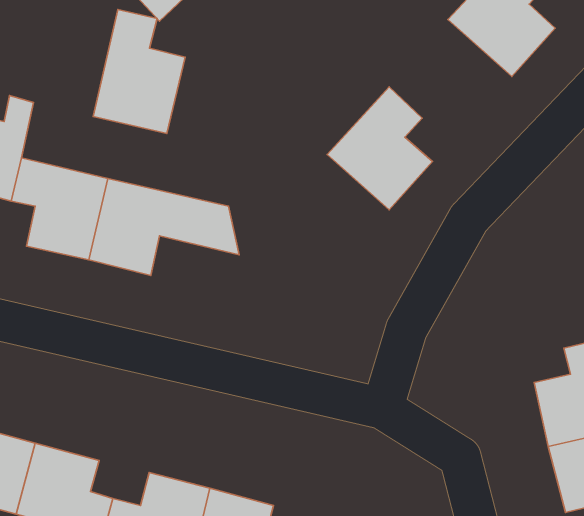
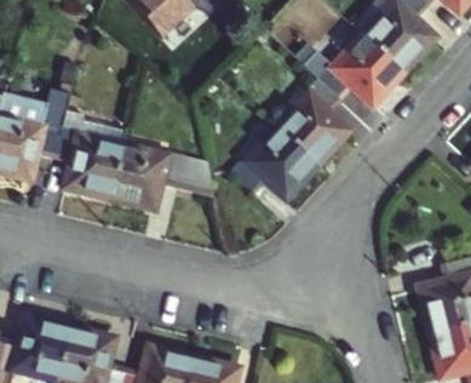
building: [93,10,185,134] -> none
building: none -> [300,30,406,103]
building: none -> [234,125,320,198]

